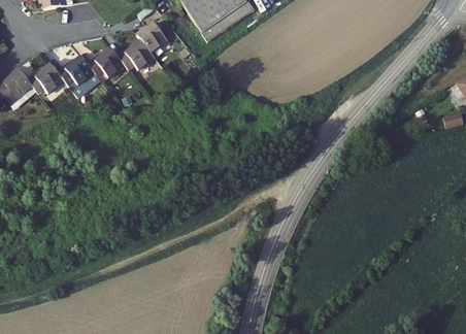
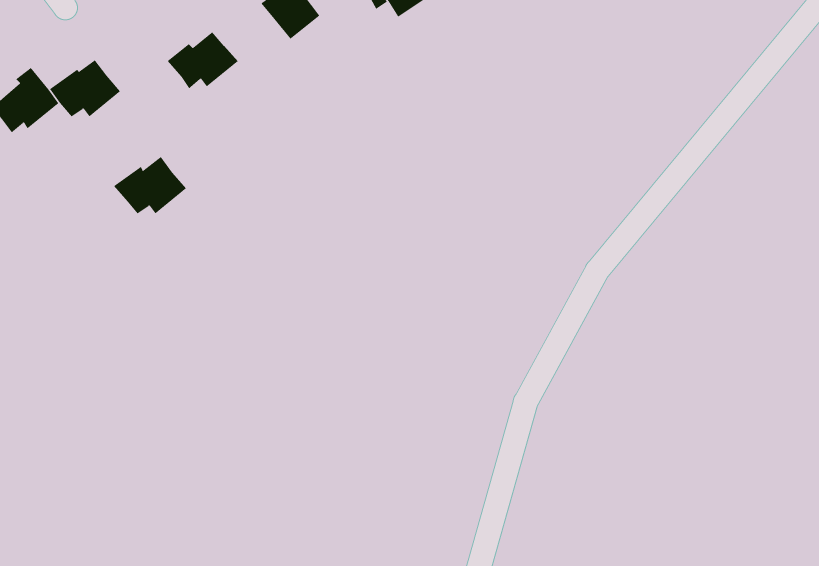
building: [118,39,155,69] -> none
building: [57,55,95,85] -> [113,156,187,214]

